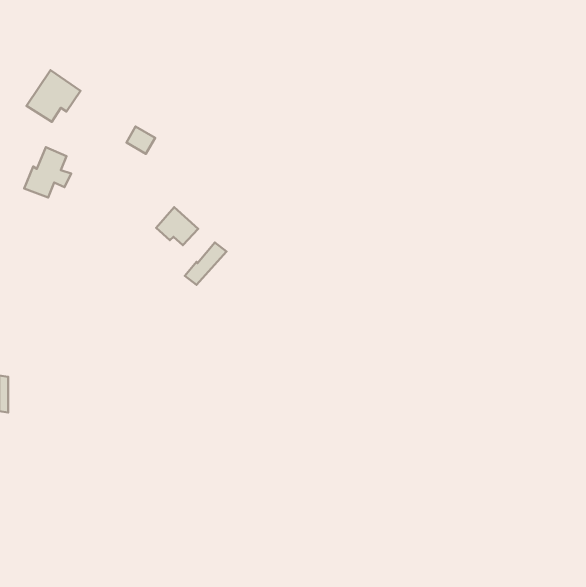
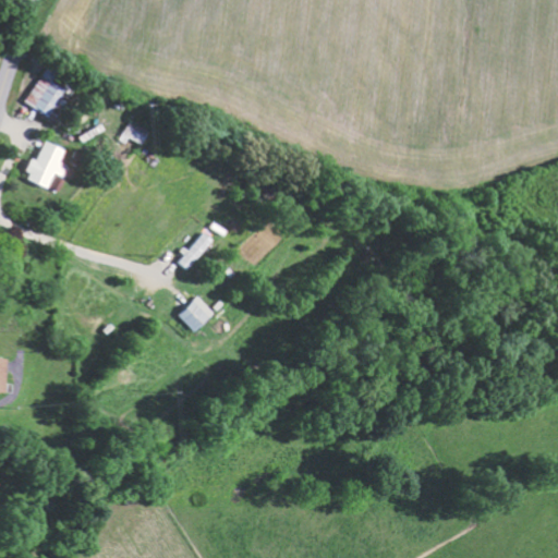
building: [156,207,198,245] -> none
building: none -> [179,296,215,331]

